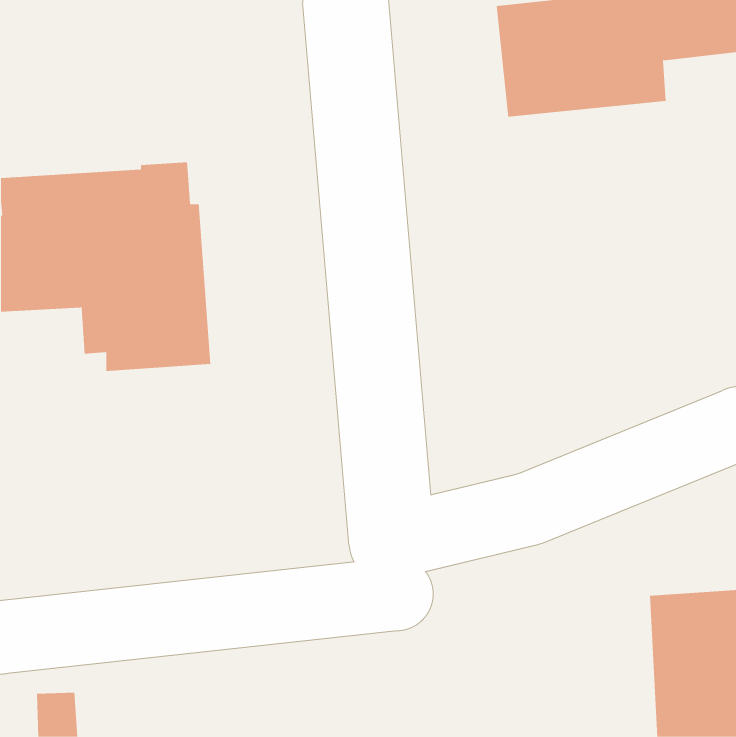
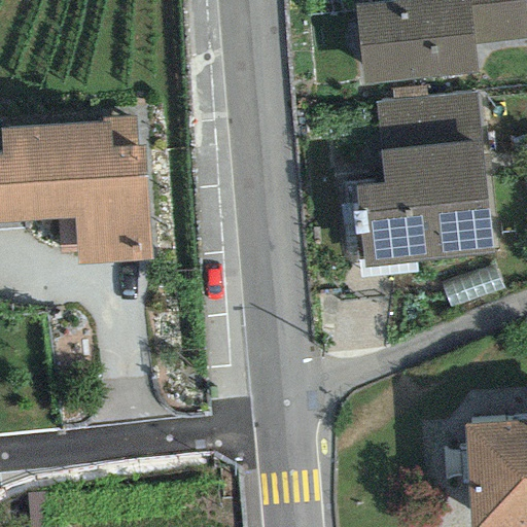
building: none -> [352,91,494,268]

